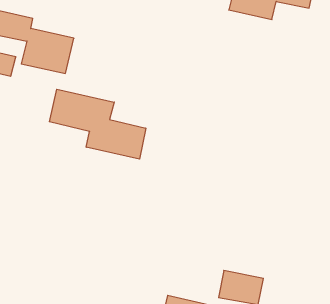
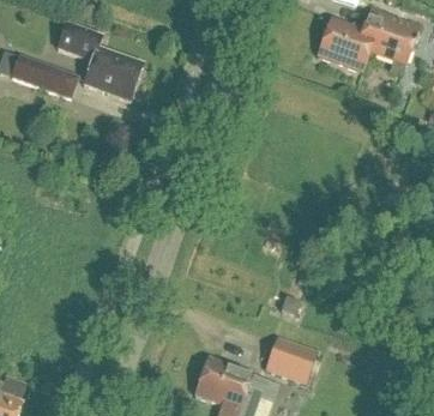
building: [49,89,146,159] -> none

